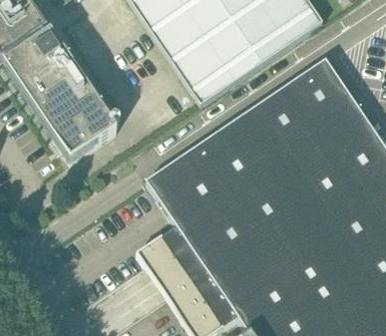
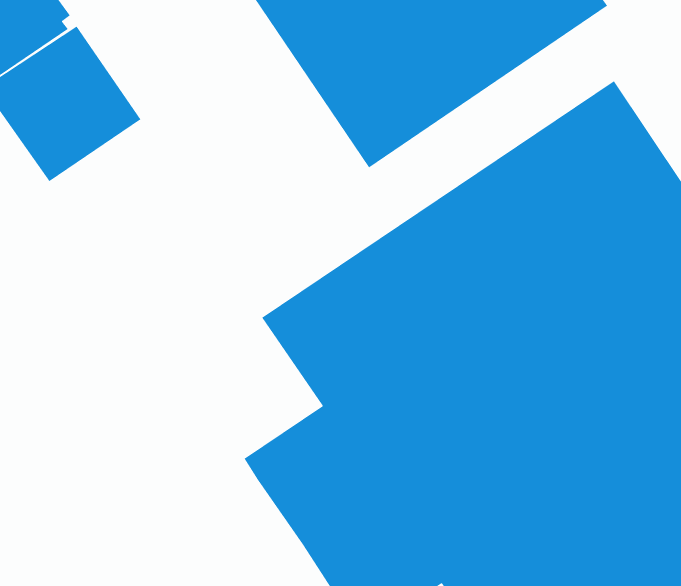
building: [38,77,119,159] -> none

